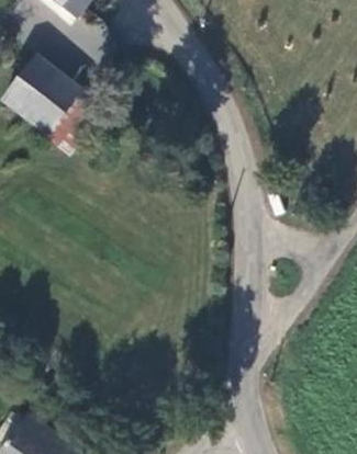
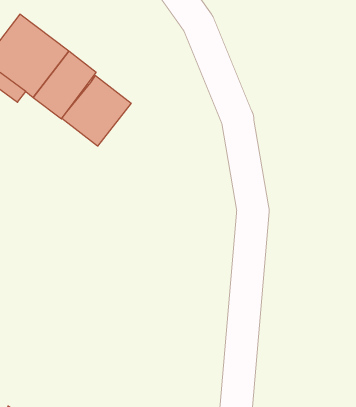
building: none -> [62,76,131,146]

